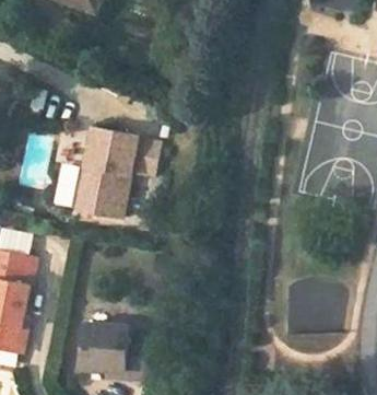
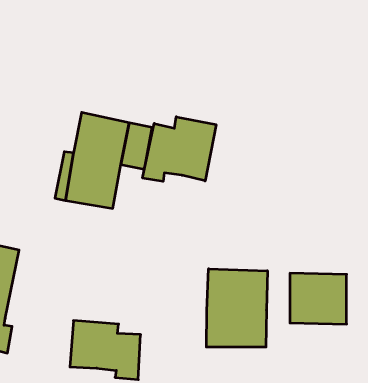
building: none -> [143,117,216,181]
building: none -> [206,269,267,347]

